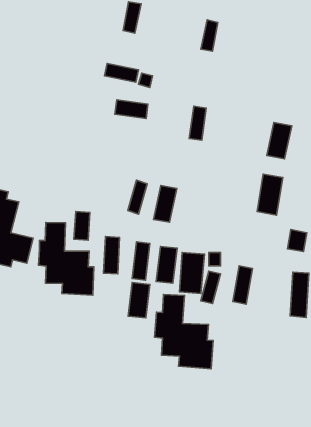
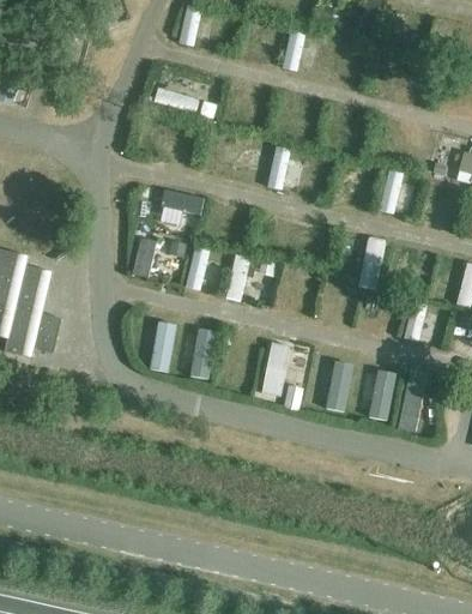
building: [115,100,148,119] -> [159,189,204,215]
building: [74,212,90,240] -> [135,235,157,273]
building: [38,223,94,295] -> none
building: [156,246,177,283] -> none
building: none -> [369,369,394,420]
building: [128,283,150,318] -> none
building: [154,294,213,369] -> none

